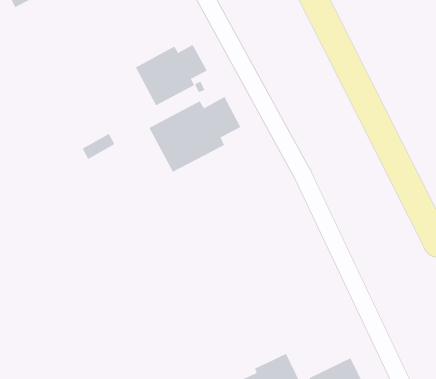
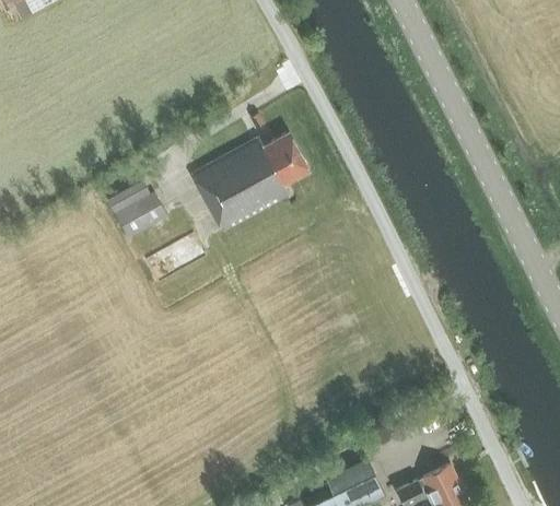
building: [135,44,207,106] -> none
building: none -> [115,192,166,237]

